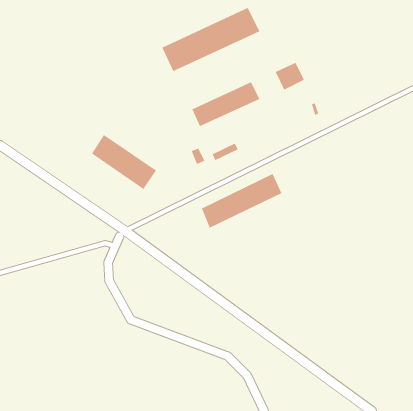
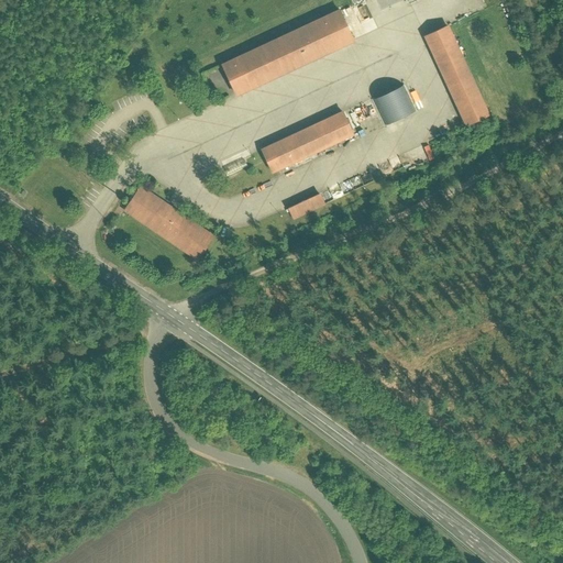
building: none -> [423,23,489,125]
building: [201,173,282,228] -> none

